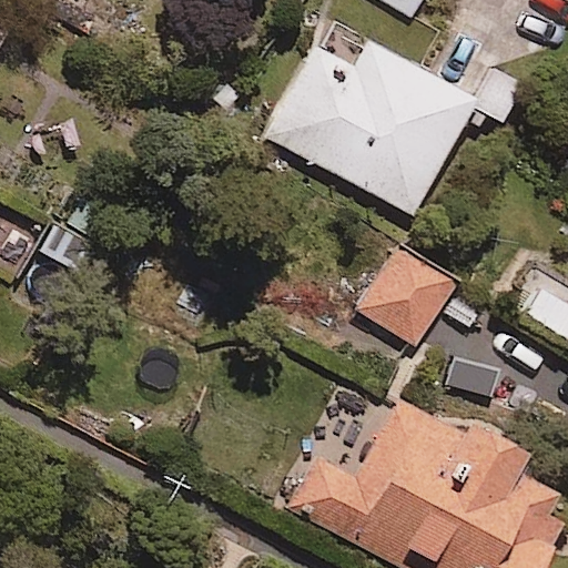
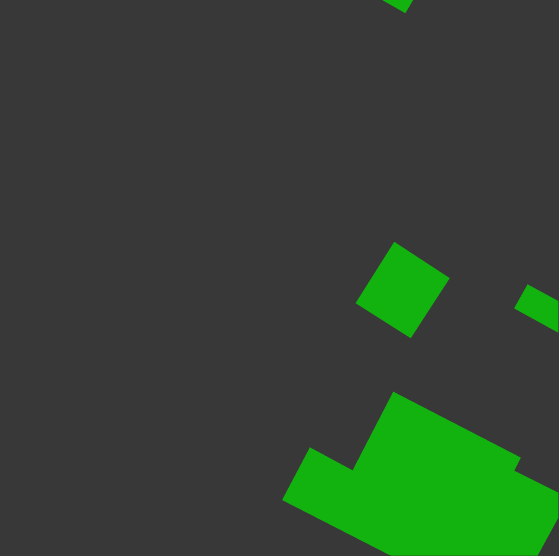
building: [266,45,476,215] -> none

